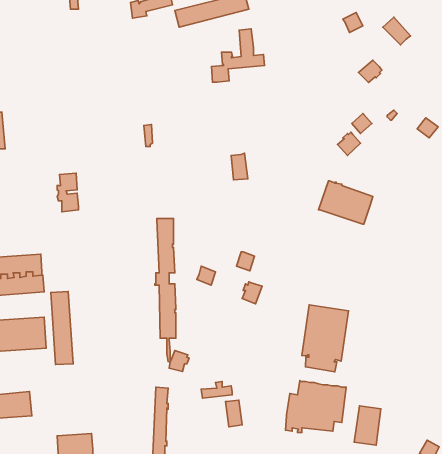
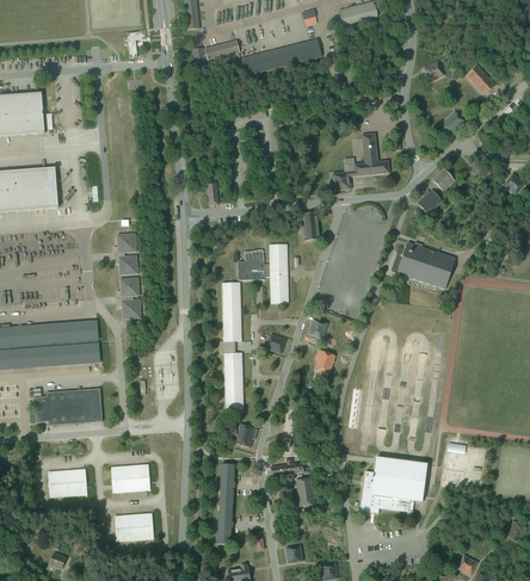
building: [211,29,265,82] -> [332,132,389,190]
building: none -> [238,243,288,302]
building: none -> [117,277,141,317]
building: [51,291,73,365] -> none
building: [302,305,348,372] -> none
building: none -> [111,464,149,492]
building: [354,406,381,445] -> none

